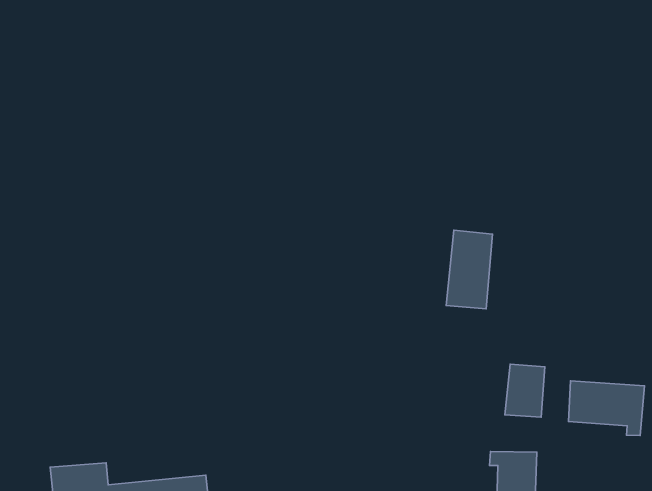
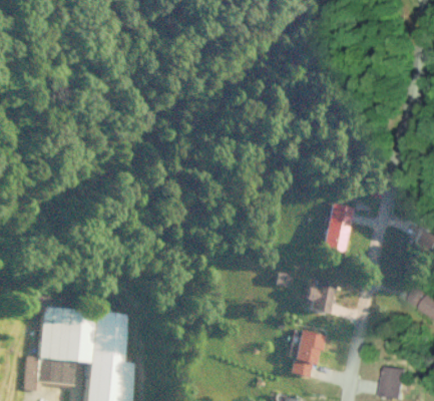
building: [446,230,492,309] -> [320,203,354,252]
building: [568,381,645,435] -> none

